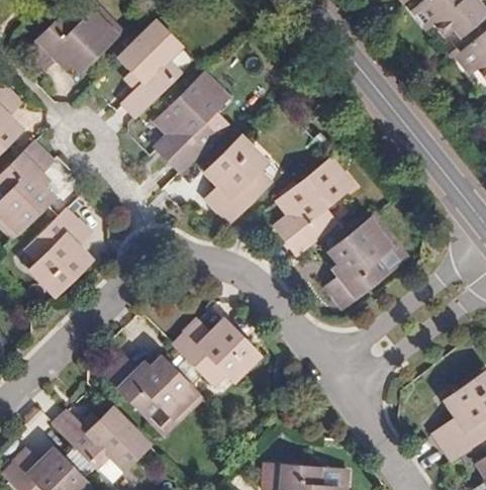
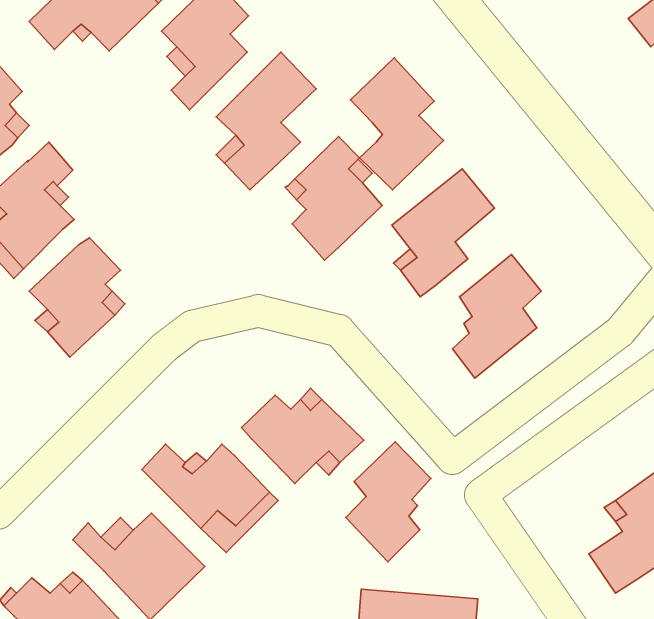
building: none -> [351,58,444,190]
building: [369,214,408,273] -> none
building: none -> [346,442,431,562]

